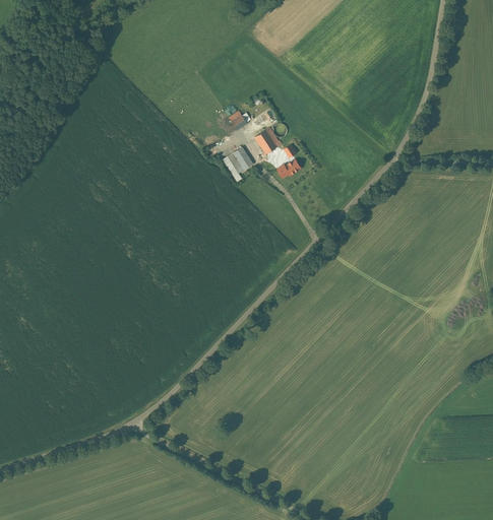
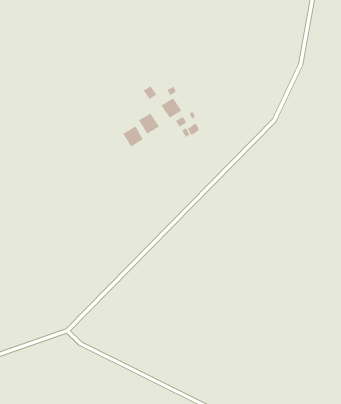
building: none -> [123,126,144,148]

